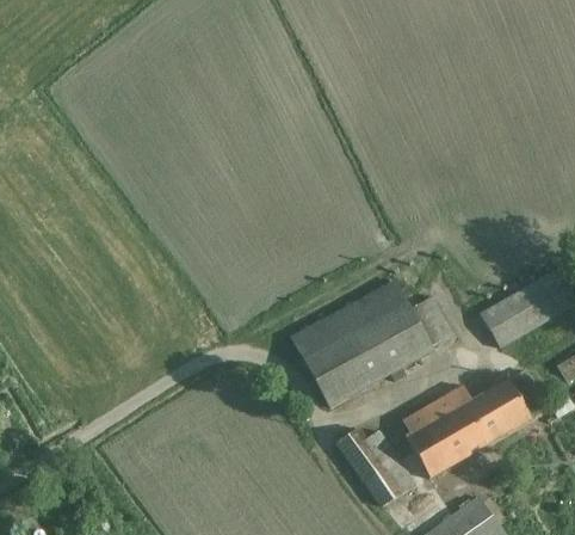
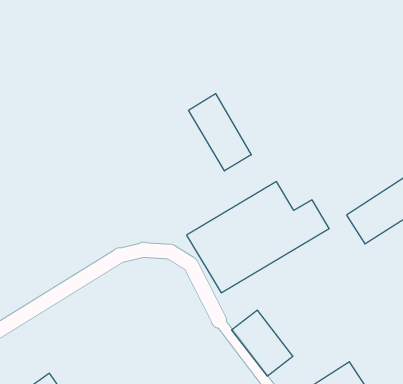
building: none -> [189,94,251,171]
building: [397,371,538,480] -> none

